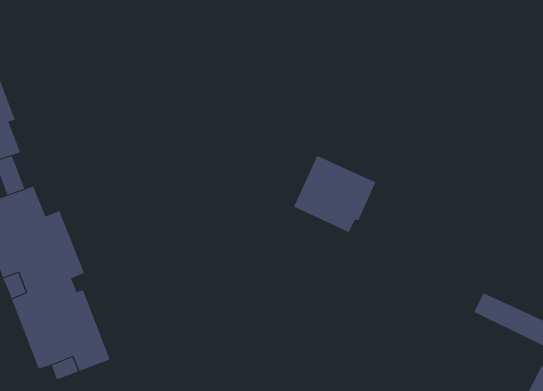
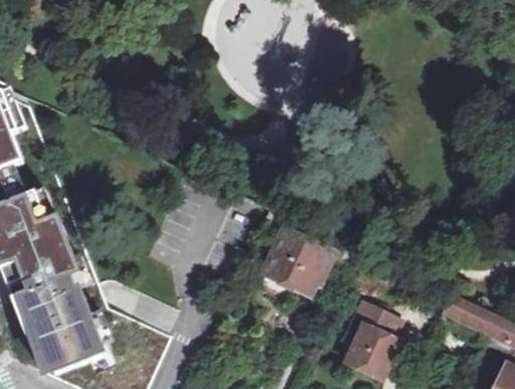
building: [293,155,376,233] -> [260,227,337,300]
building: none -> [342,296,406,381]

